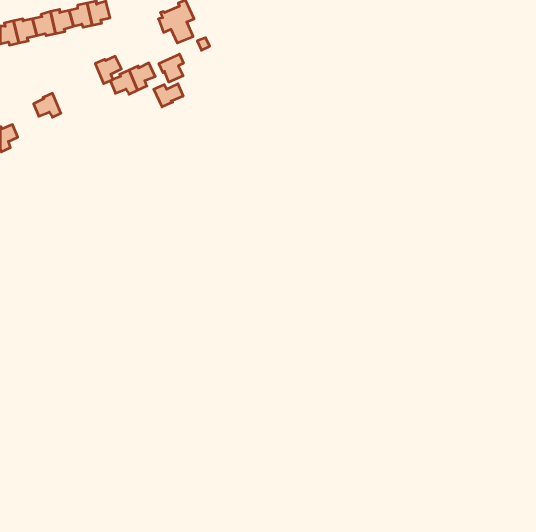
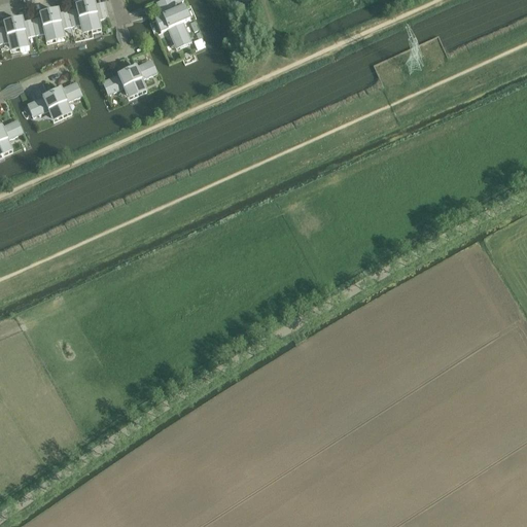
building: [159,54,183,82] -> none
building: [95,56,121,84] -> [51,84,77,111]
building: [154,84,183,107] -> none

